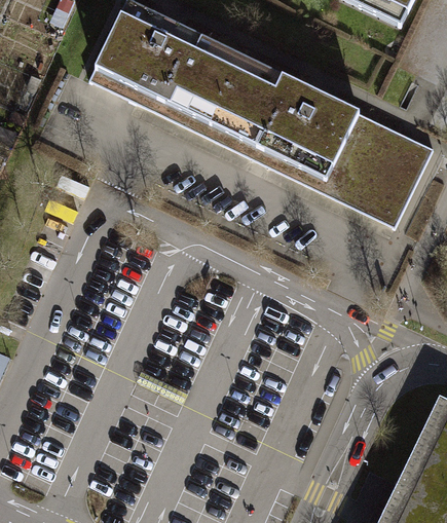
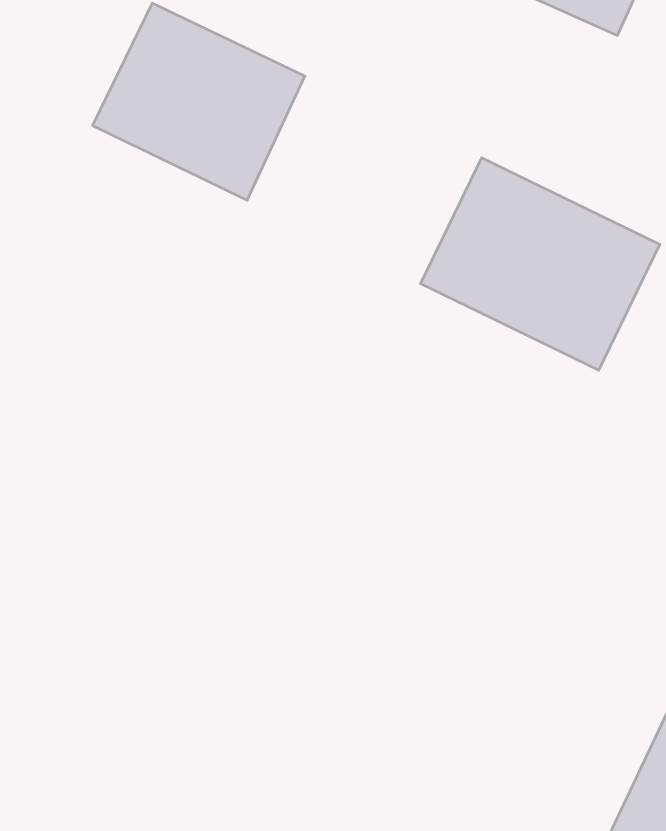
building: [182,47,324,173] -> none

